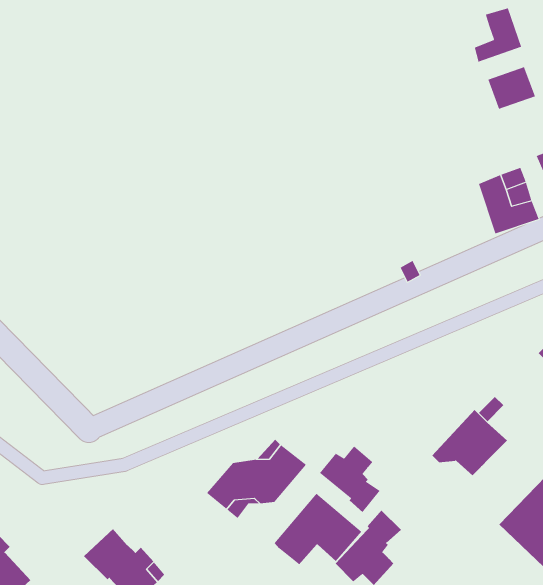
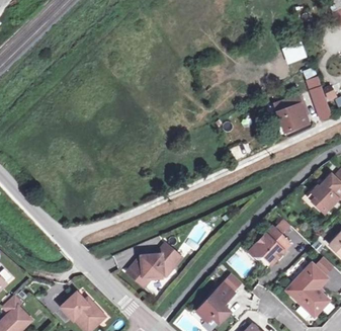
building: [474,7,522,63] -> none
building: [319,445,381,513] -> none
building: [274,493,362,565] -> none

